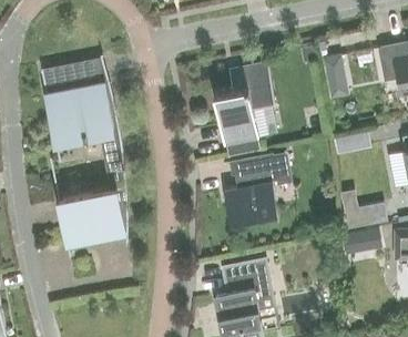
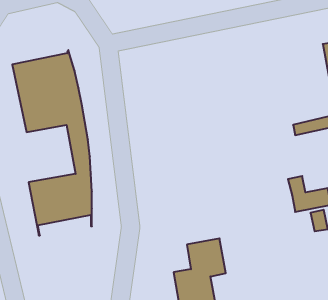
building: [323,57,347,99] -> none
building: [213,64,275,145] -> none
building: [223,152,292,224] -> none

